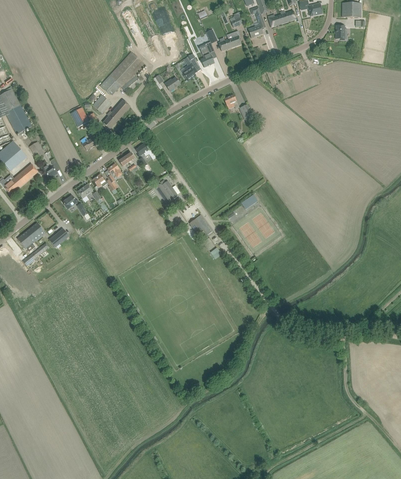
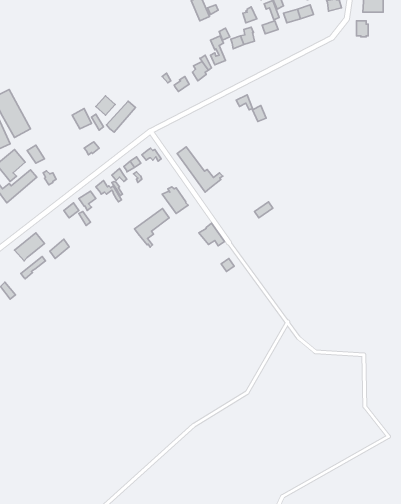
building: [100,51,145,93] -> none
building: none -> [177,147,223,192]
building: none -> [134,209,169,247]

